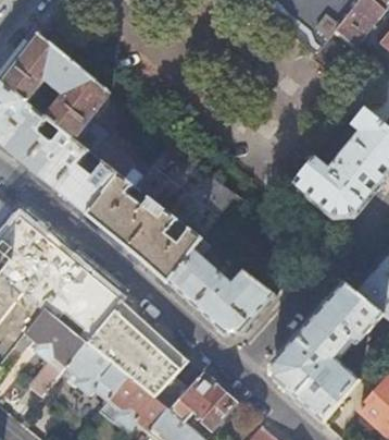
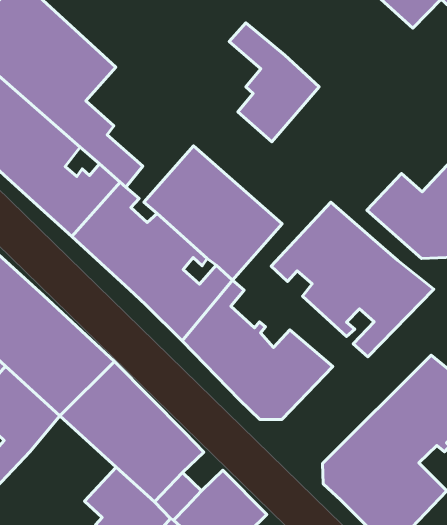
building: none -> [229,23,319,142]
building: none -> [271,202,434,357]
building: [66,341,127,400] -> none

